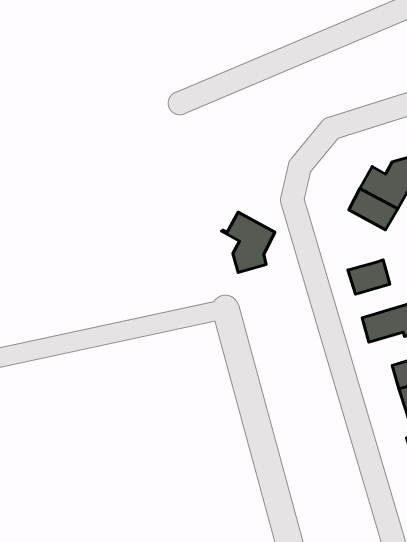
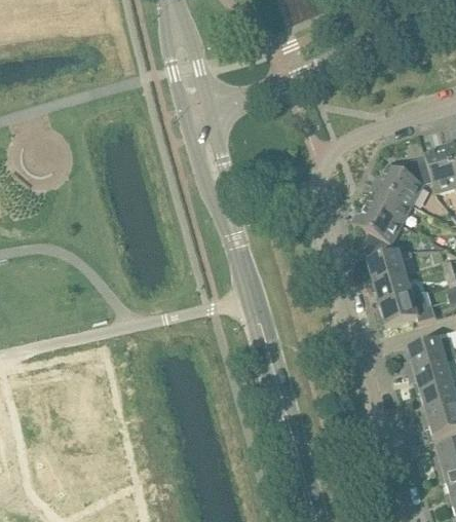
building: [222,212,275,272] -> [352,204,402,260]
building: none -> [374,273,412,304]

